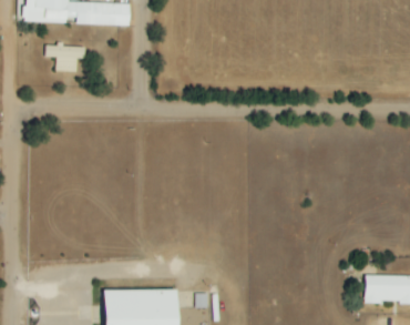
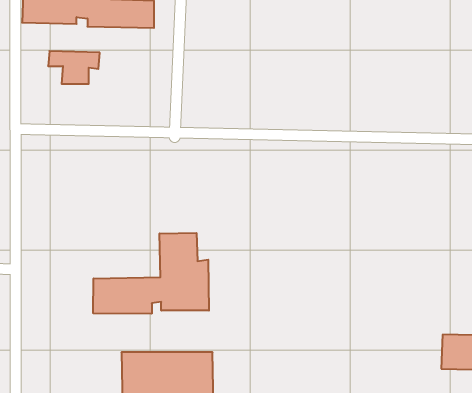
building: none -> [93,233,209,314]

